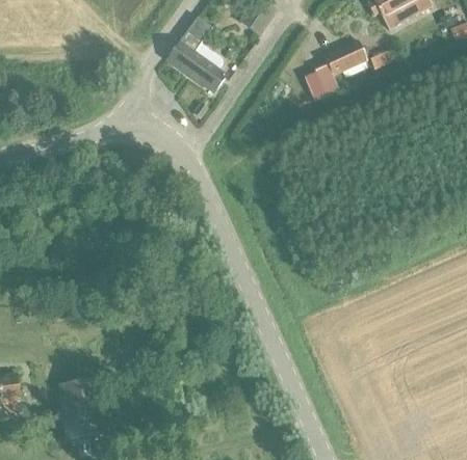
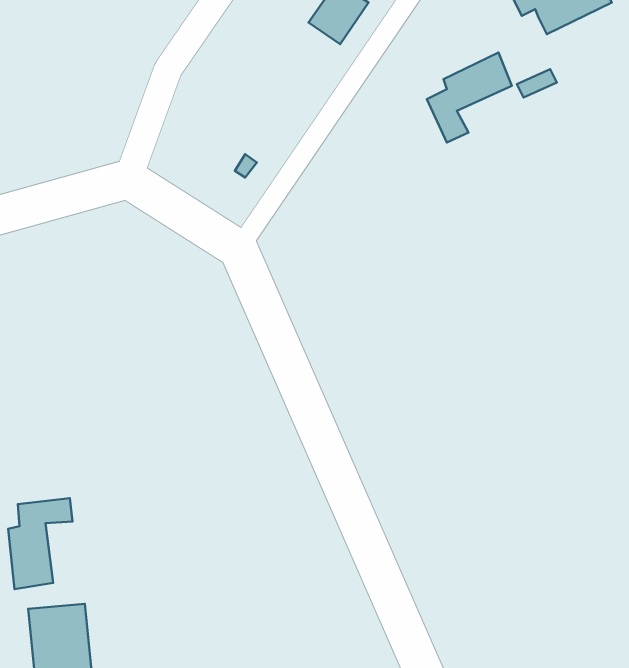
building: [166,16,223,92] -> none
building: none -> [8,498,73,589]

